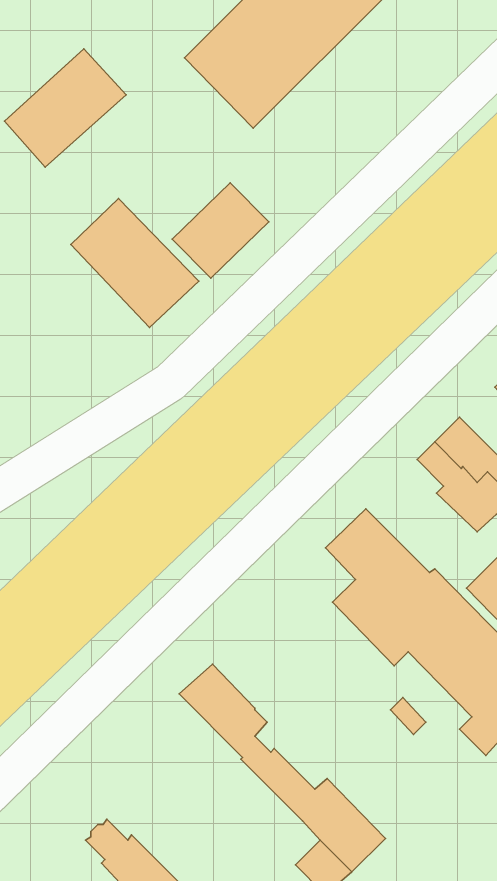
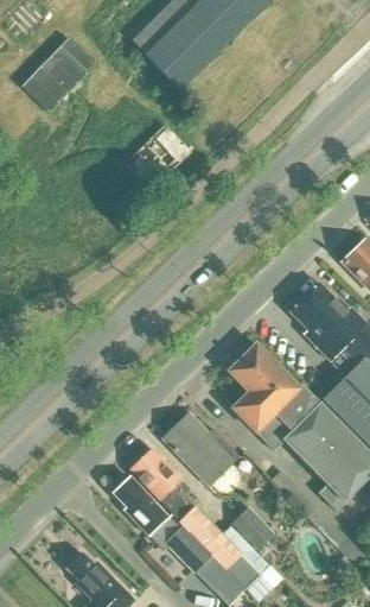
building: [71,198,199,327] -> none
building: none -> [162,412,241,493]
building: none -> [114,476,213,573]
building: none -> [234,507,274,549]

